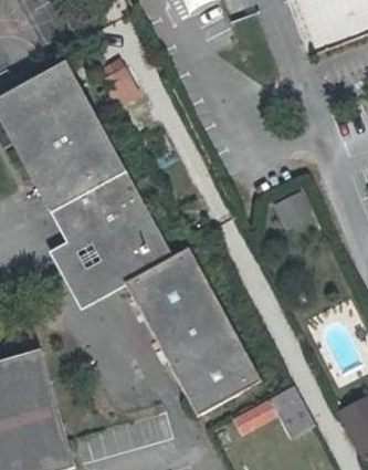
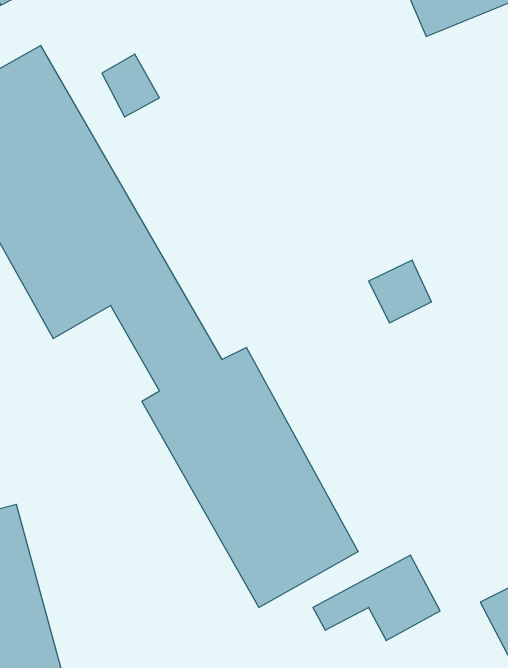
building: [53,222,136,306] -> none

